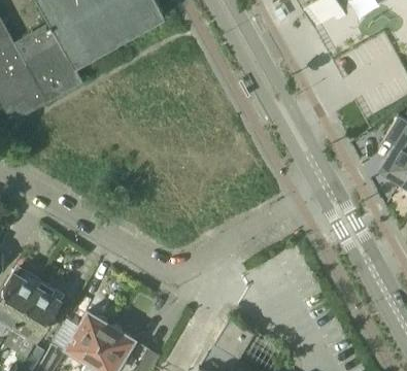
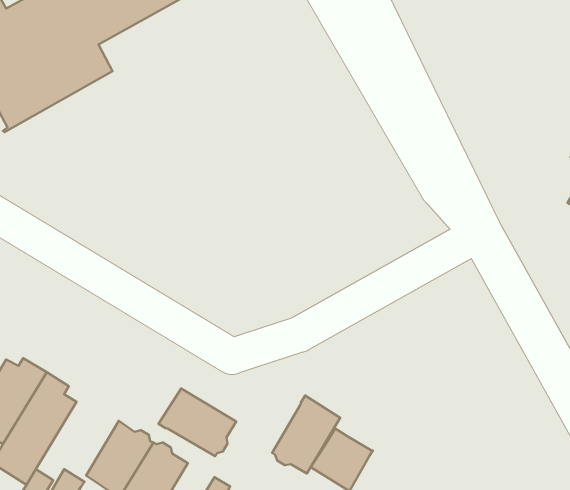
building: none -> [159,389,236,456]
building: none -> [272,396,340,474]

